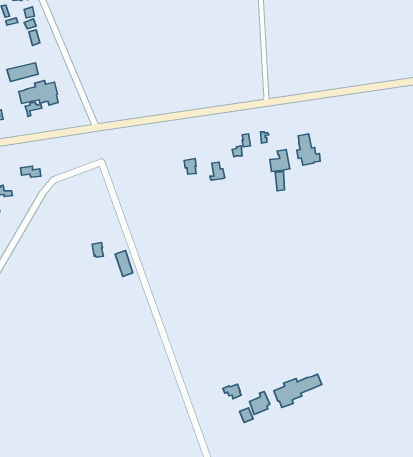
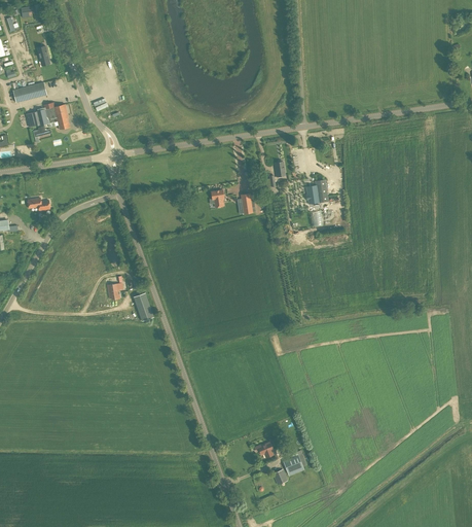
building: [297,134,320,165] -> none
building: [274,374,322,407] -> none

